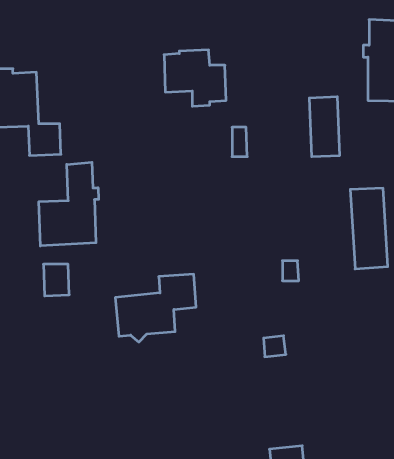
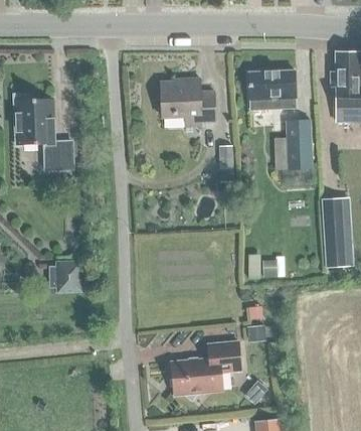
building: none -> [248,71,295,110]
building: [39,162,99,246] -> none
building: [115,274,196,342] -> [171,341,240,400]

